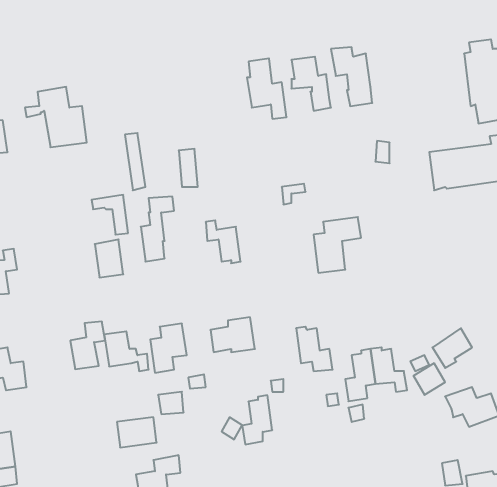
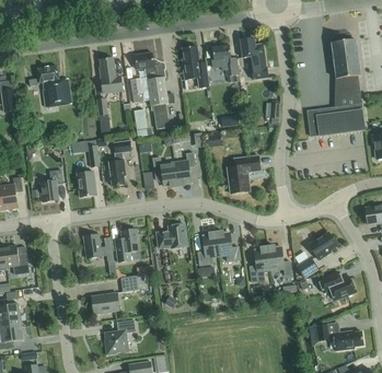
building: none -> [130,53,170,129]
building: none -> [100,58,123,93]
building: none -> [174,153,196,186]
building: [70,322,105,369] -> [39,170,63,202]
building: [242,395,272,444] -> [198,232,219,266]

